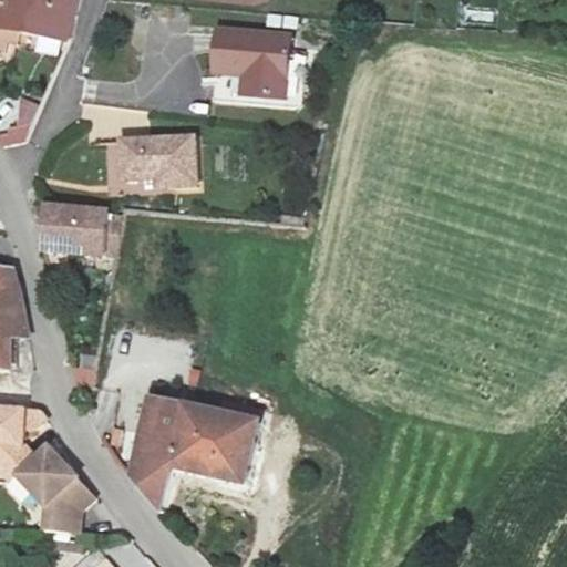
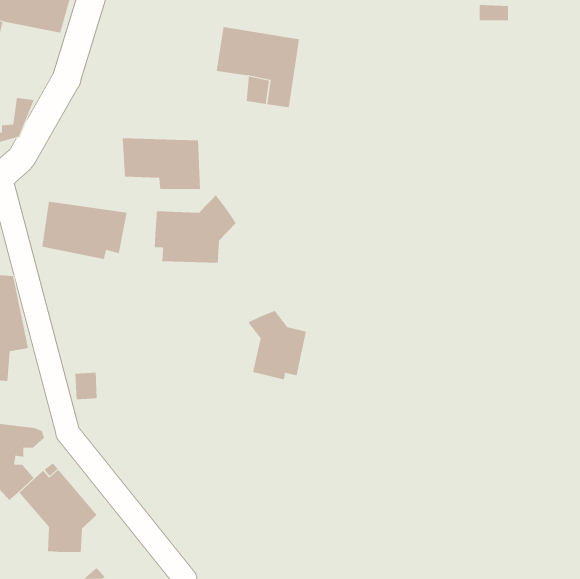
building: none -> [154,194,237,263]
building: none -> [247,310,306,380]
building: [128,396,260,523] -> none

